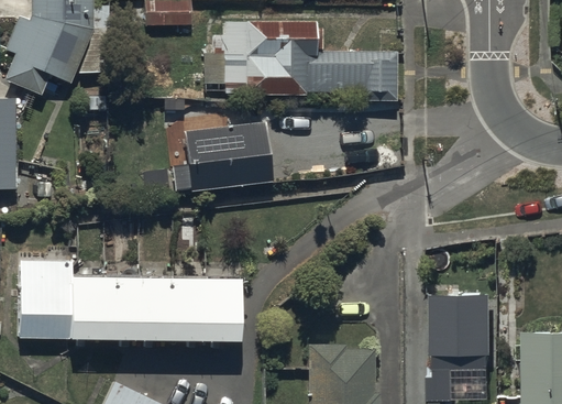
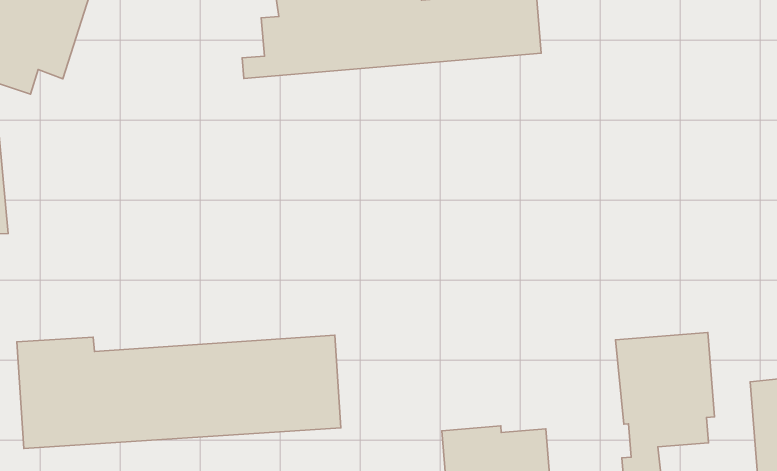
building: [186,123,273,190] -> none

